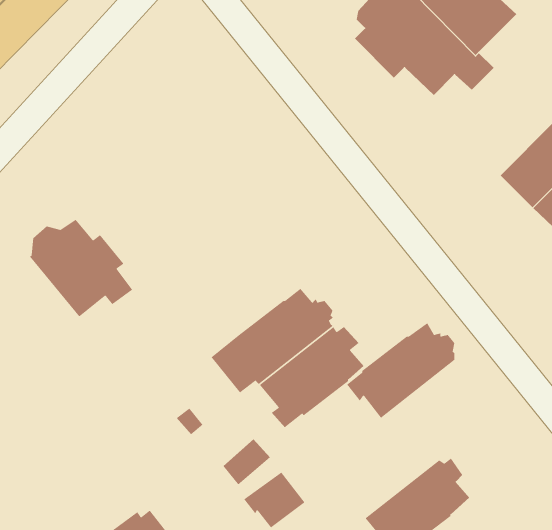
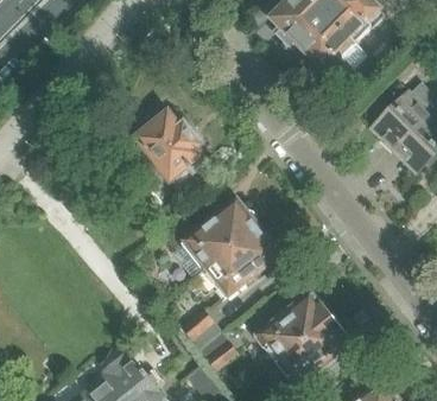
building: [29,219,133,317] -> [134,115,205,183]
building: [346,322,455,419] -> [254,293,329,359]

